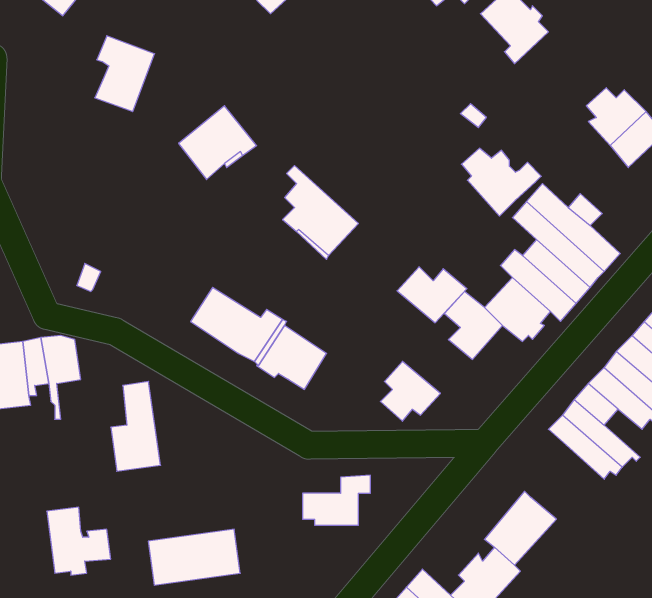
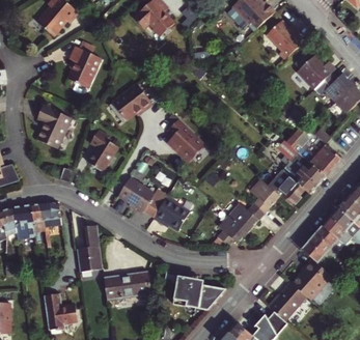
building: none -> [36,105,71,148]
building: [461,148,541,216] -> [295,56,336,91]
building: none -> [88,131,119,171]
building: [397,267,467,323] -> [227,203,264,232]
building: none -> [294,259,332,301]
building: [148,529,240,585] -> [103,272,150,301]

